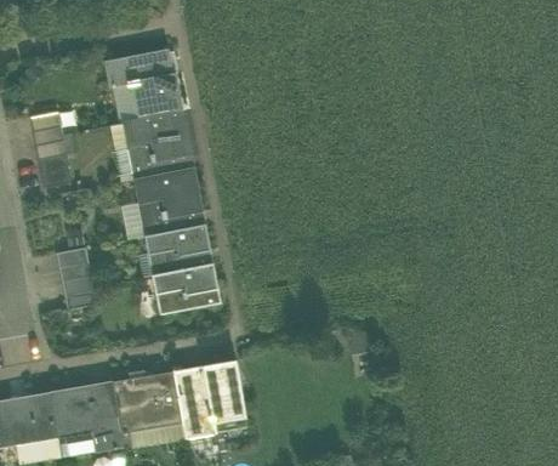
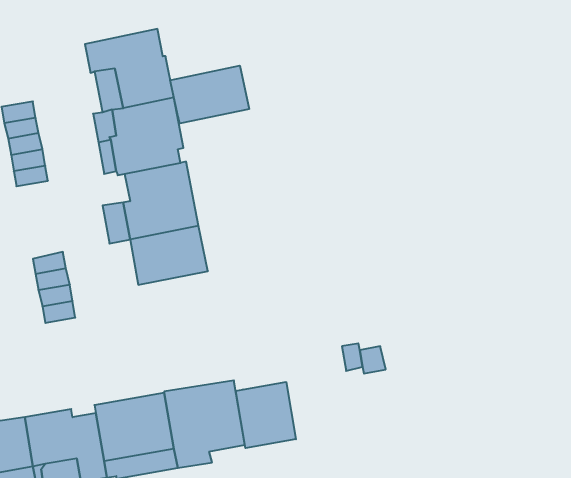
building: none -> [170,66,249,124]
building: [150,262,220,316] -> none
building: none -> [236,382,296,448]

